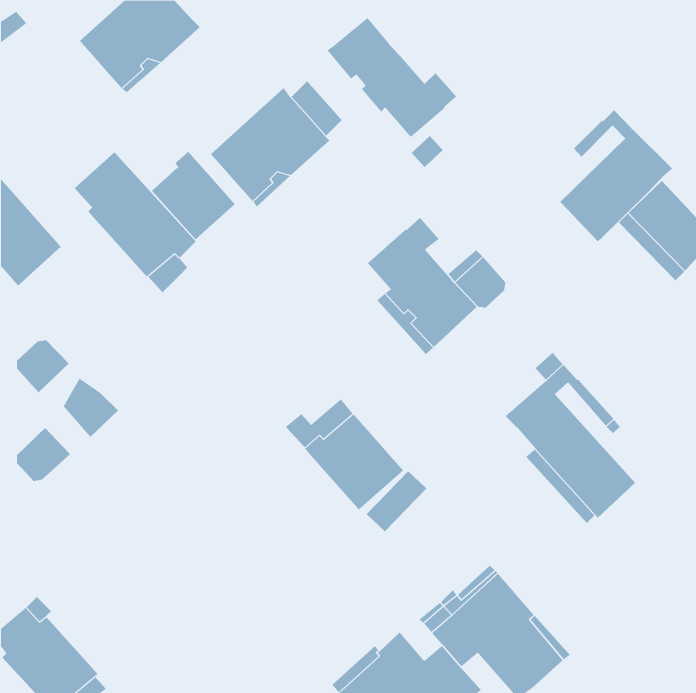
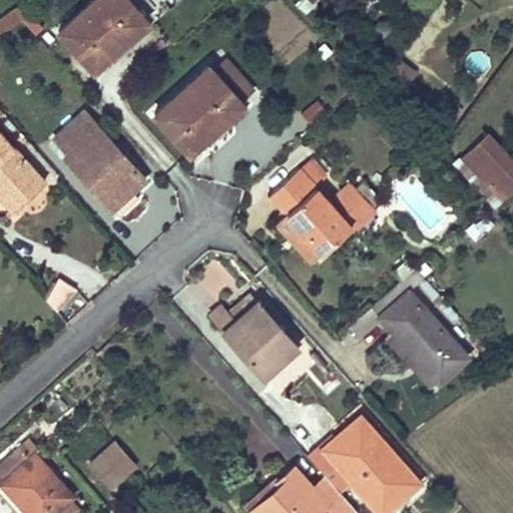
building: [327,17,457,138] -> none
building: [559,110,673,242] -> none
building: [151,151,235,240] -> none
building: [16,339,69,393] -> none
building: [16,427,71,482] -> none
building: none -> [91,444,136,490]

